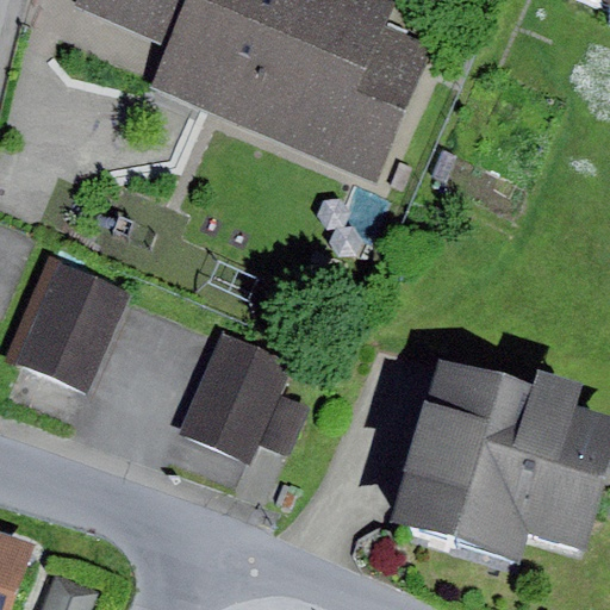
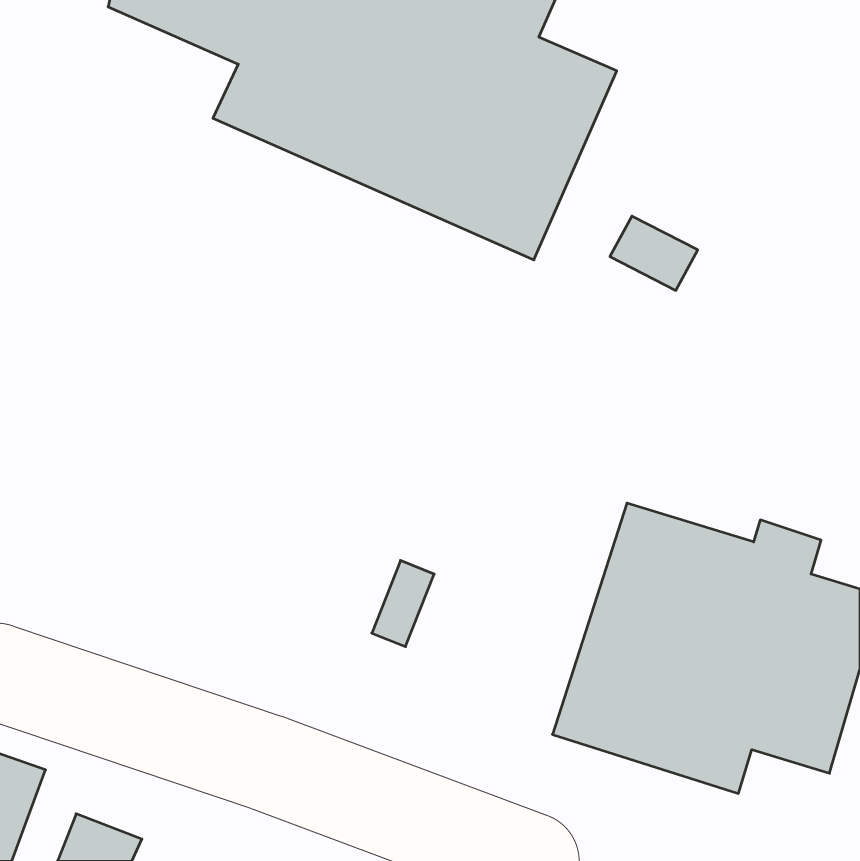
building: [6,262,124,392] -> none
building: [179,335,290,463] -> none

